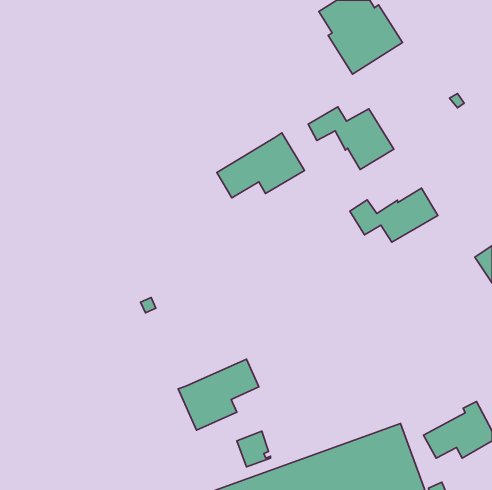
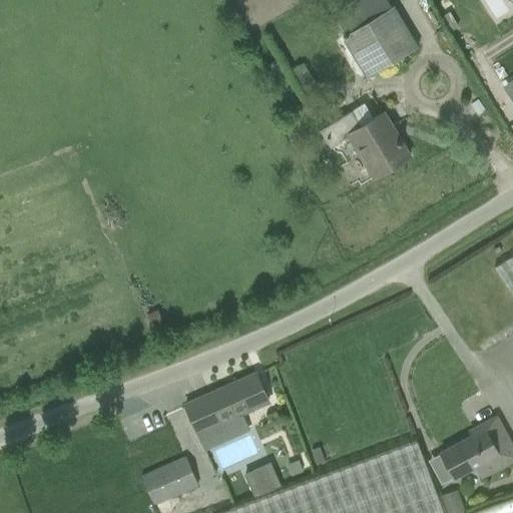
building: [217,133,304,198] -> none
building: [350,188,438,242] -> none
building: none -> [141,459,198,506]

